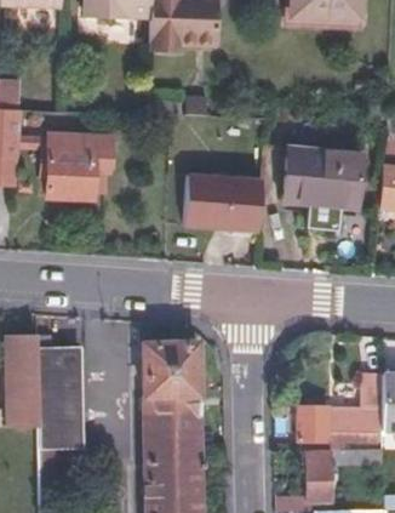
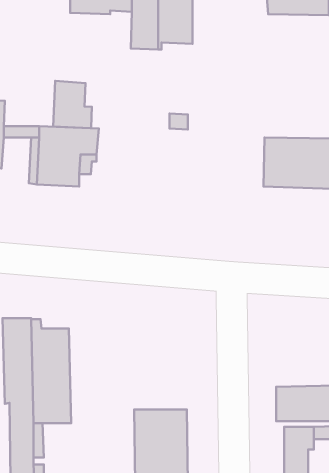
building: none -> [53,81,92,128]
building: [183,178,263,232] -> none
building: [147,349,204,435] -> none

